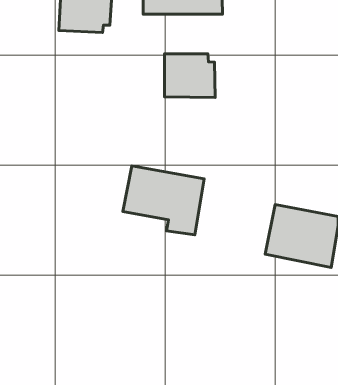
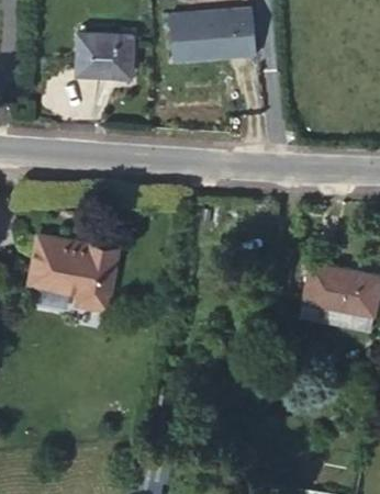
building: [164,54,215,97] -> none
building: [123,166,204,235] -> [30,235,118,310]

